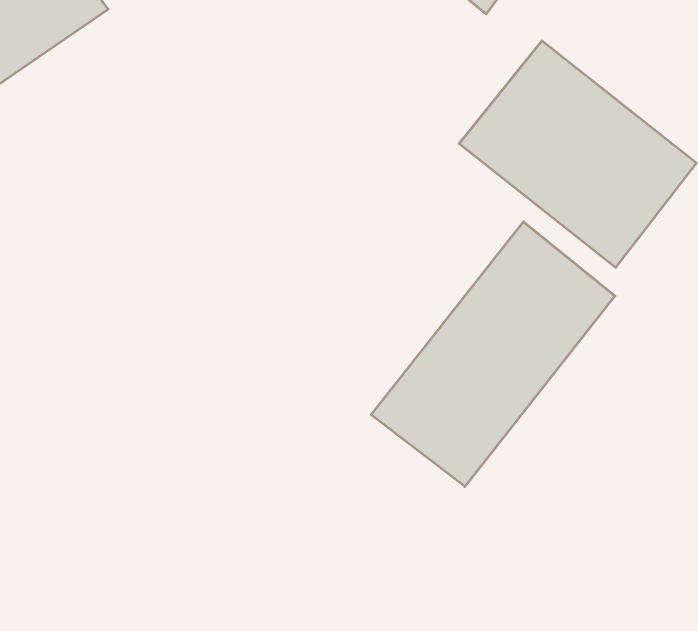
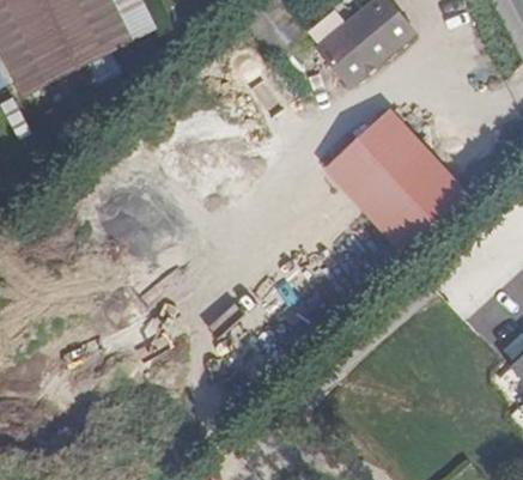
building: [371,222,615,487] -> none

